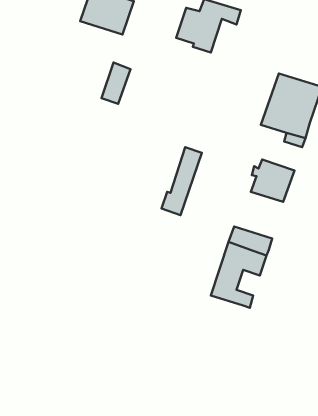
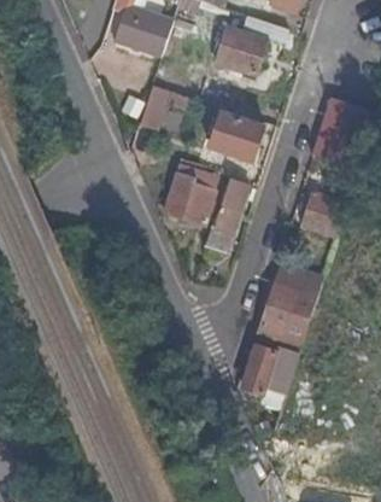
building: none -> [209,112,263,162]
building: none -> [163,171,215,224]
building: none -> [241,345,297,395]

